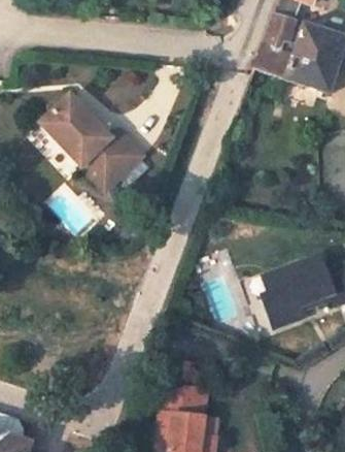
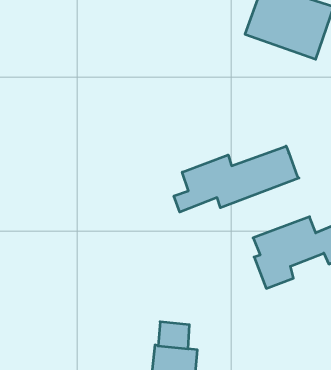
building: [39,91,142,189] -> none
building: none -> [174,146,299,212]

